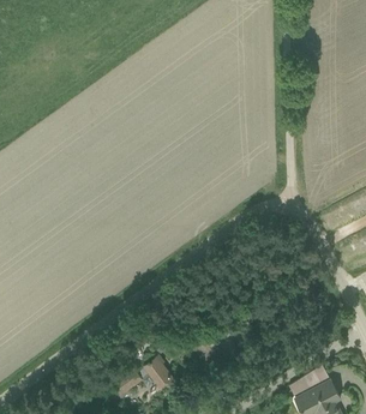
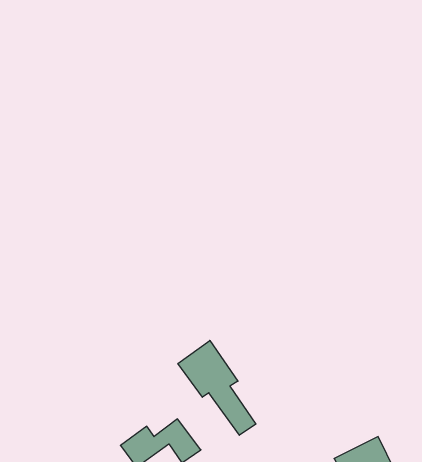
building: none -> [178,340,256,435]

